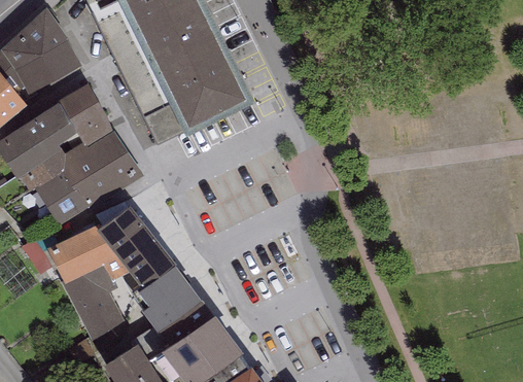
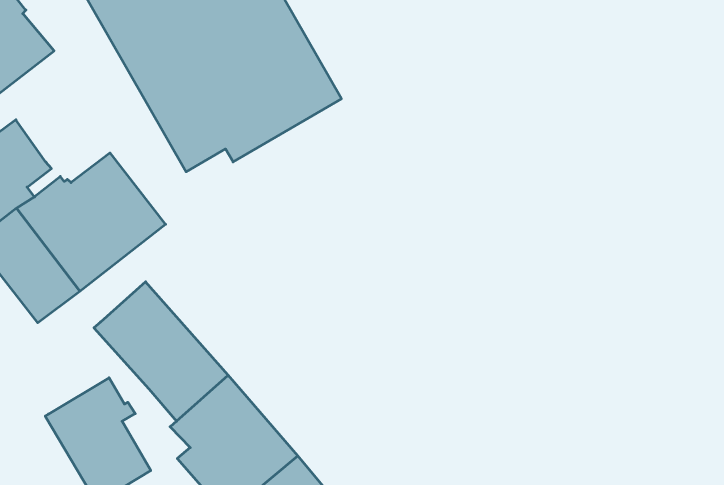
building: [56,81,112,143] -> none
building: [46,223,127,282] -> none

